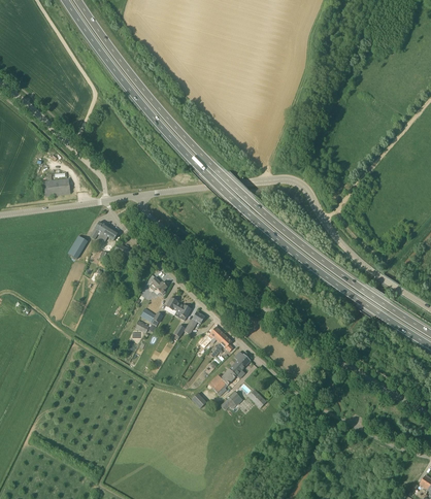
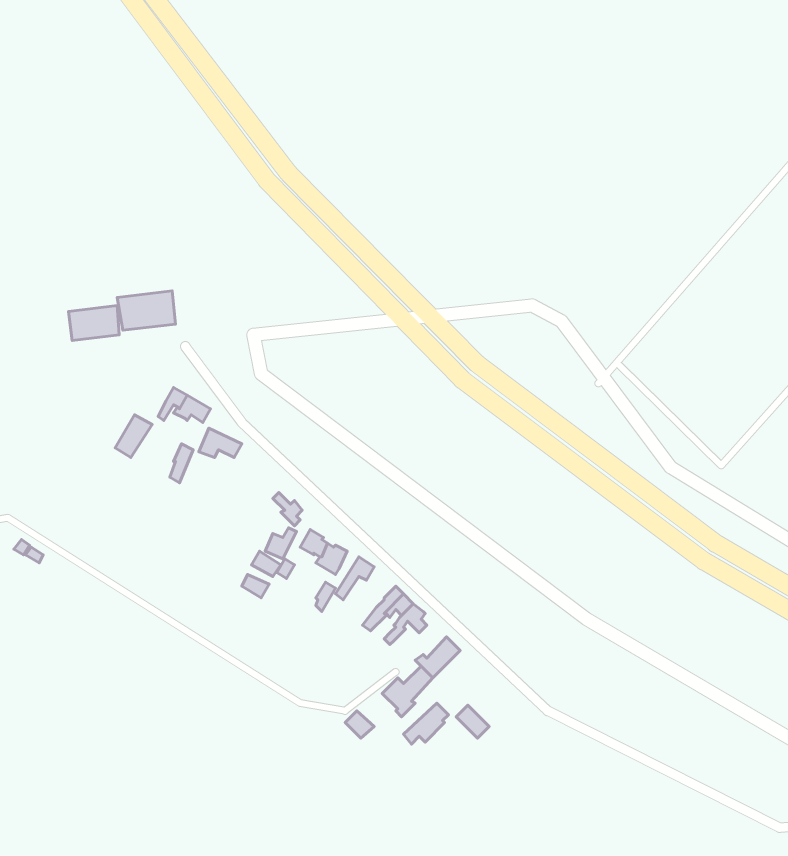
building: none -> [117,291,176,330]

